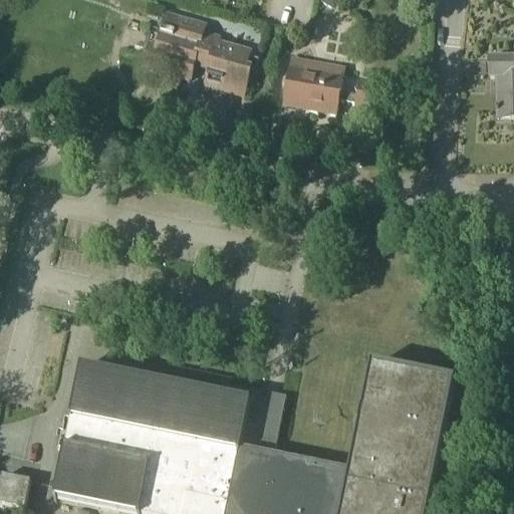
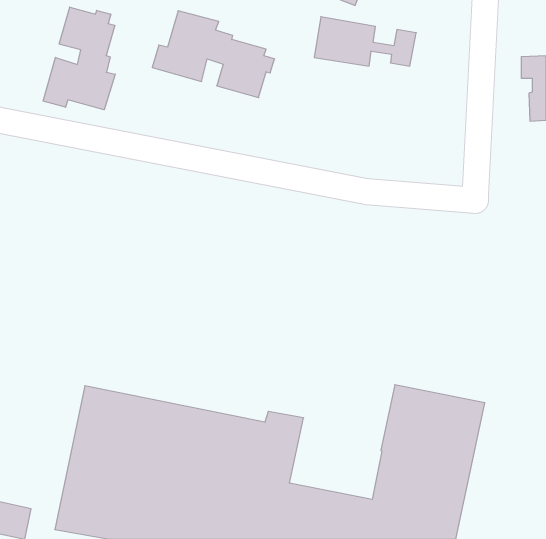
building: none -> [43,7,115,110]
building: [283,63,378,109] -> [314,17,416,66]

